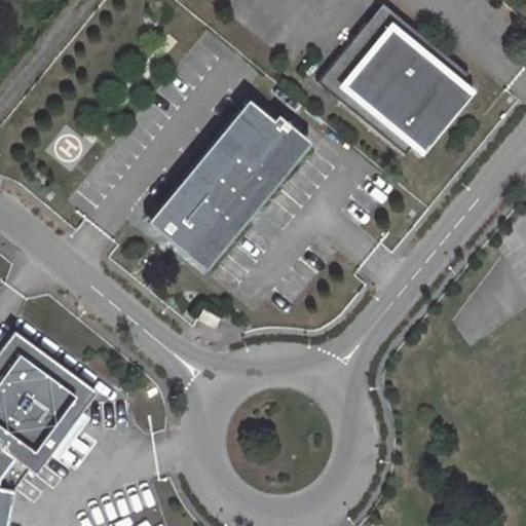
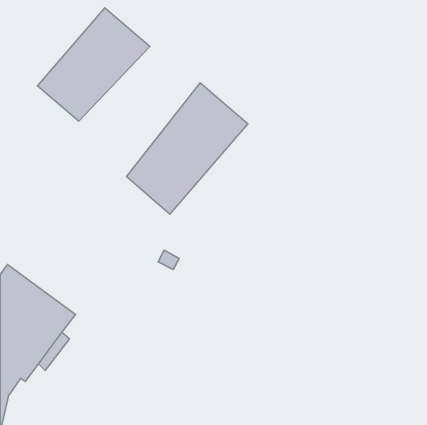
building: none -> [38,8,150,121]
building: [315,11,472,164] -> none

